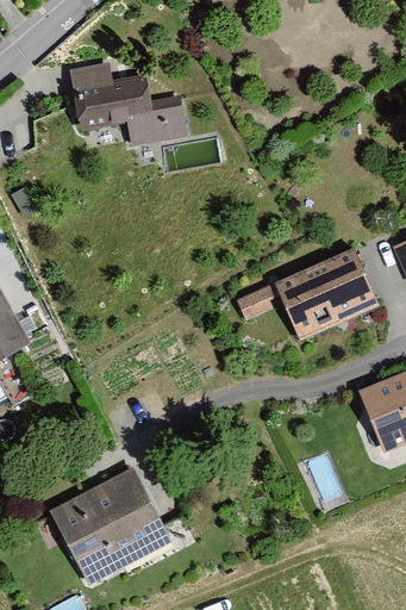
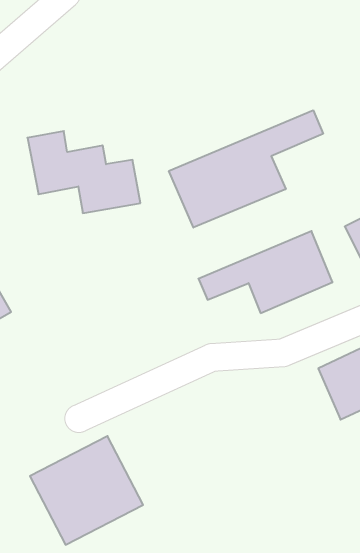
building: [68,57,189,145] -> [27,131,140,213]
building: none -> [169,110,323,228]

